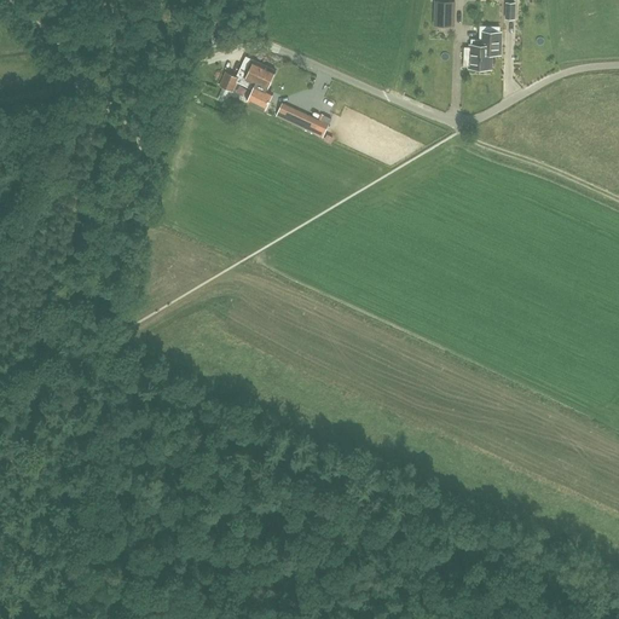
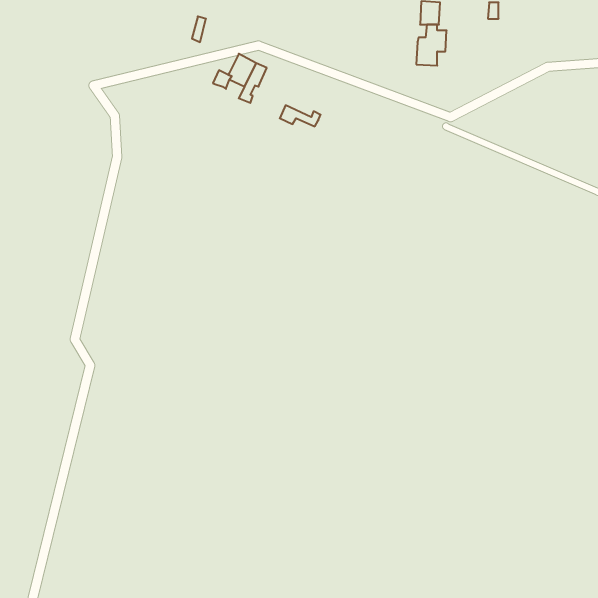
building: [469,27,501,69] -> [416,25,447,66]

